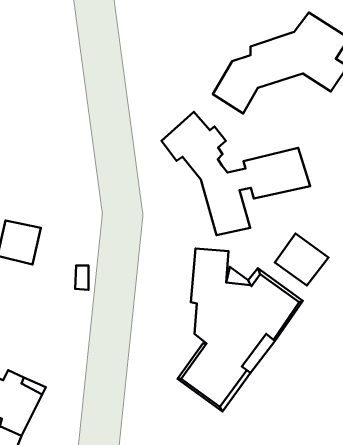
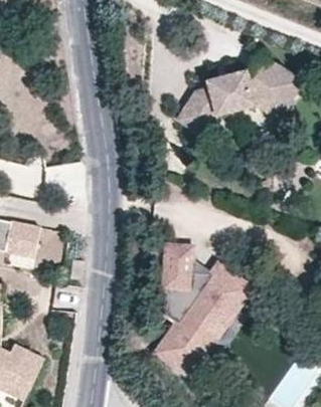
building: [161,112,310,235] -> none
building: [275,234,328,286] -> none

